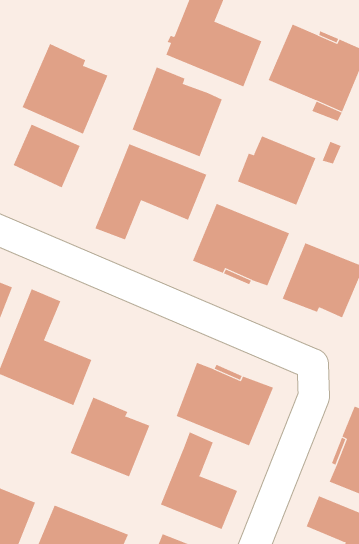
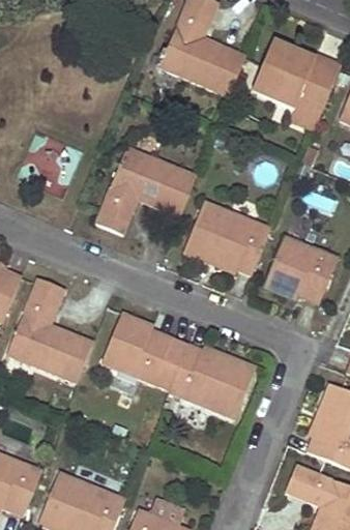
building: [22,43,108,134] -> none
building: [132,67,223,157] -> none
building: [237,136,316,206] -> none
building: [70,397,150,477] -> [101,312,174,384]
building: [160,432,238,530] -> none

